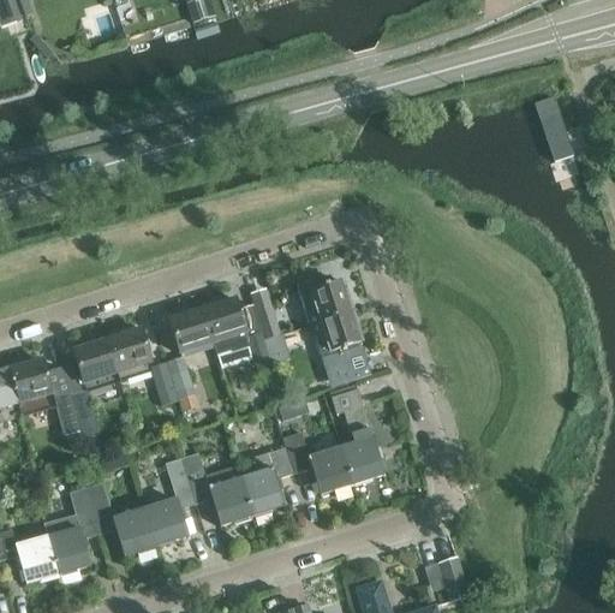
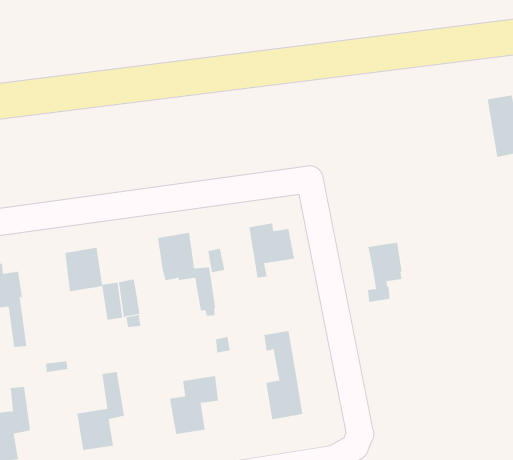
building: [169,308,213,351] -> none
building: [321,309,363,377] -> [367,242,403,303]
building: [61,338,118,440] -> none
building: [282,429,352,493] -> none
building: [181,451,252,524] -> none
building: [85,481,156,554] -> none

